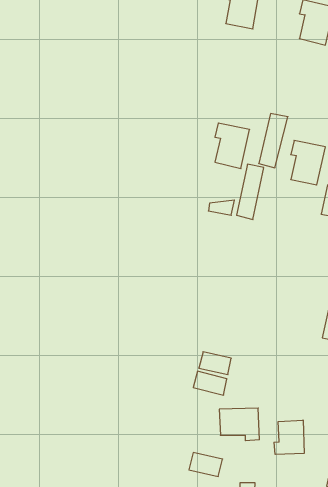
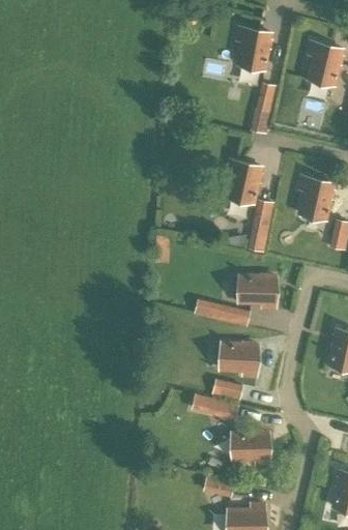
building: [259,114,288,168] -> [250,83,278,135]
building: none -> [238,276,276,308]
building: none -> [206,301,251,327]
building: none -> [220,344,258,376]
building: [274,420,304,454] -> none

